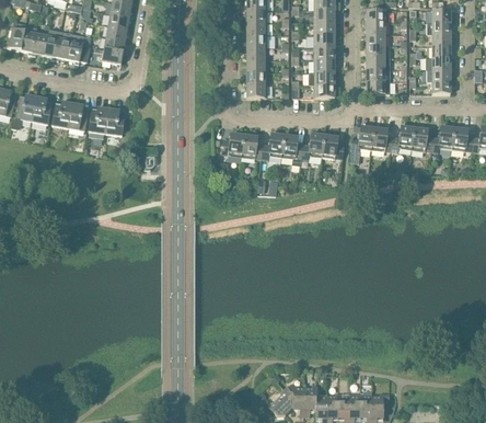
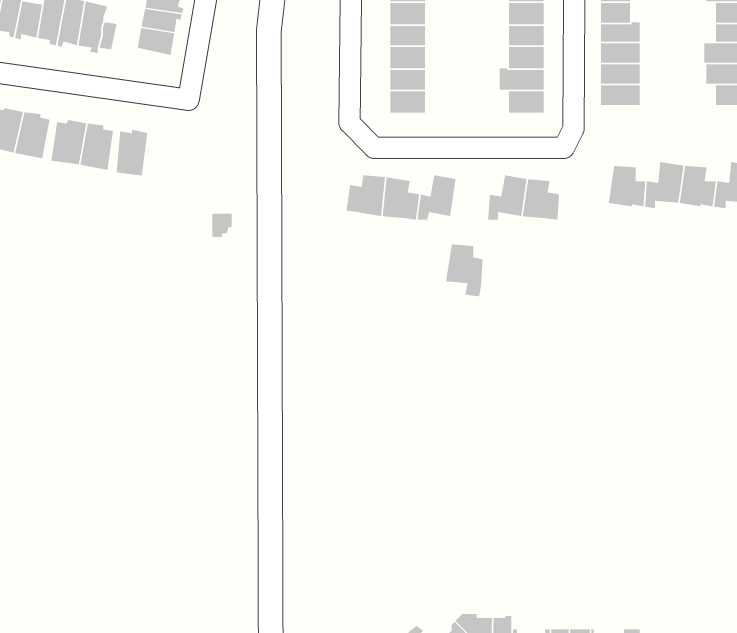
building: [105,107,125,135] -> none
building: [349,124,374,162] -> none
building: [281,134,303,164] -> [445,244,484,297]

